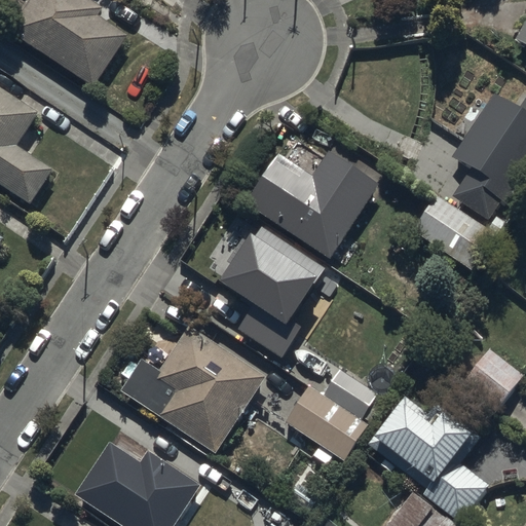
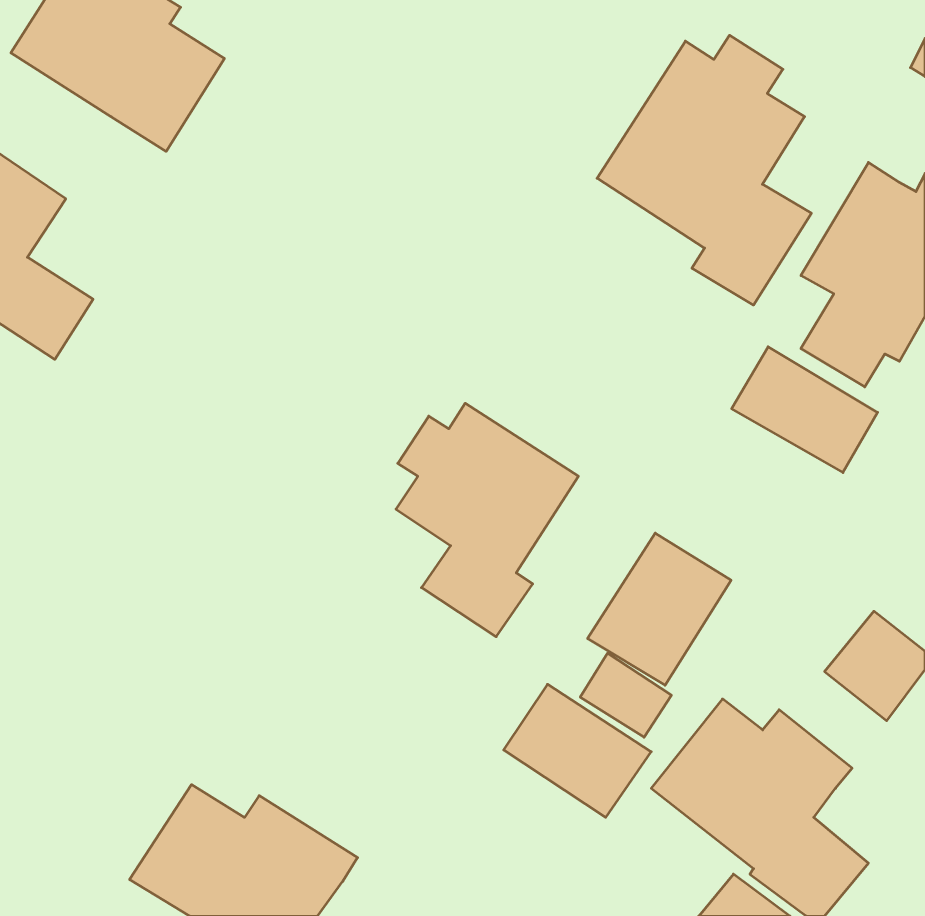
building: none -> [597,35,811,305]
building: [246,152,378,259] -> none
building: none -> [588,533,731,685]
building: [118,327,264,453] -> none

